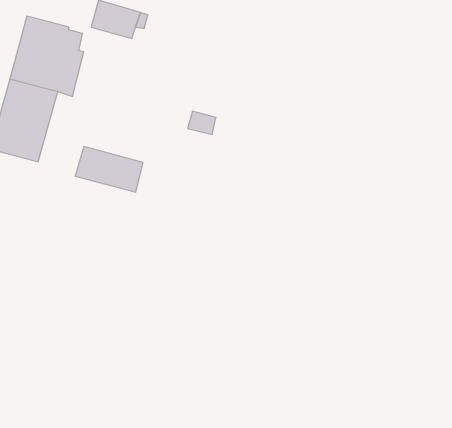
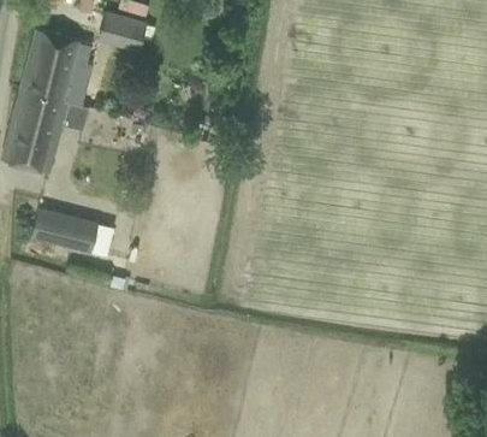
building: [75,147,143,192] -> [30,208,96,253]

